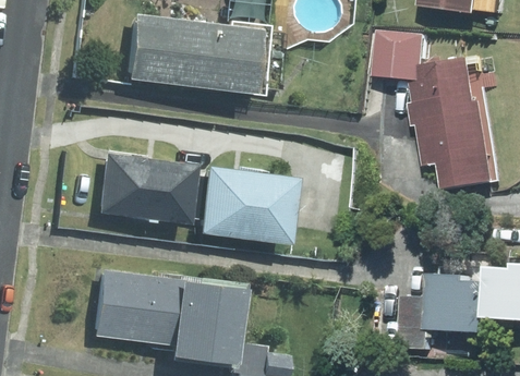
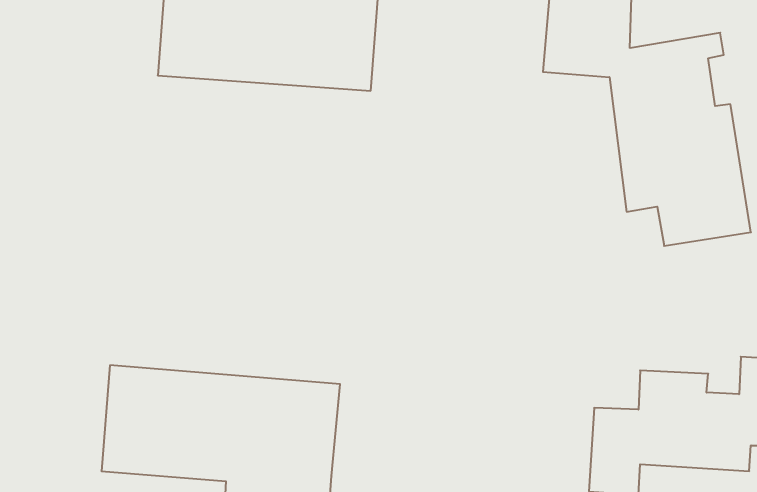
building: [94,154,196,222] -> none
building: [198,165,295,241] -> none

